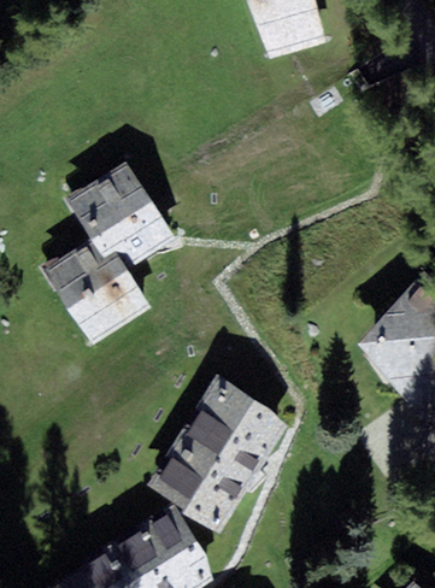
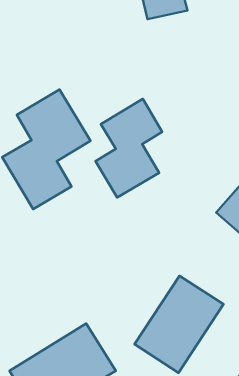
building: none -> [96,99,162,198]
building: [152,380,283,523] -> [135,276,223,373]

